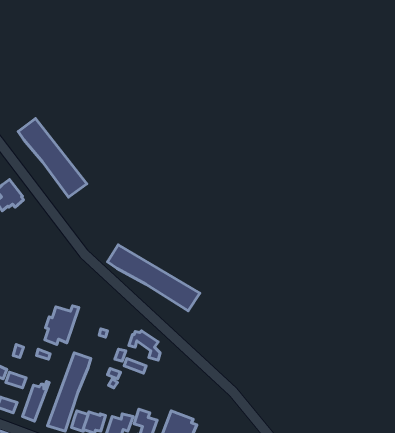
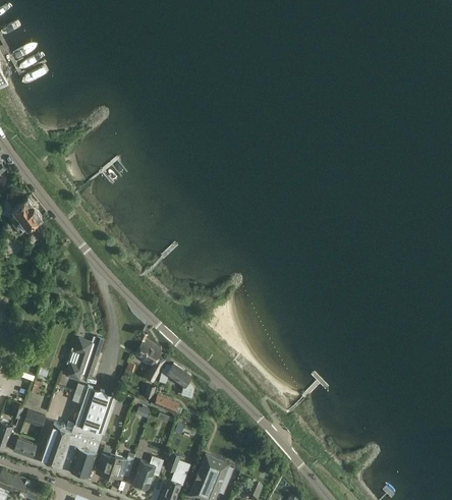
building: [18,118,87,197] -> none
building: [107,245,200,311] -> none
building: none -> [134,341,162,382]
building: none -> [54,383,98,470]

